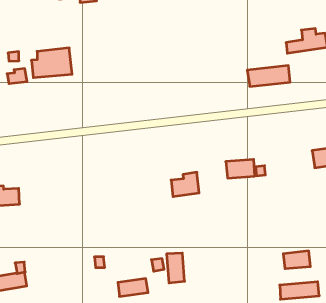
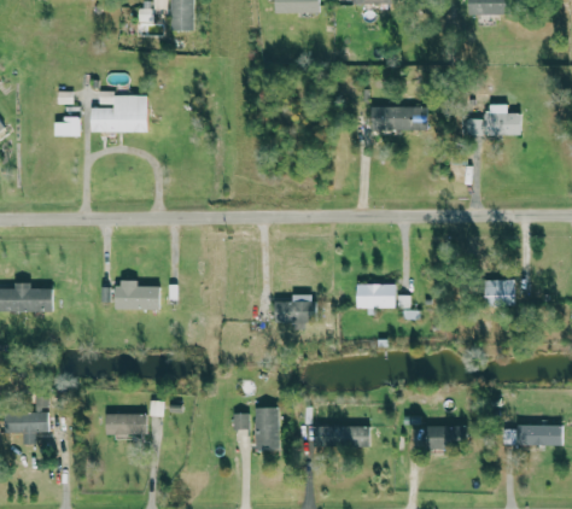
building: [247,66,290,86] -> [367,107,427,131]
building: none -> [116,280,158,310]
building: [118,279,148,296] -> [105,414,147,435]
building: [280,282,319,299] -> [314,426,370,447]

